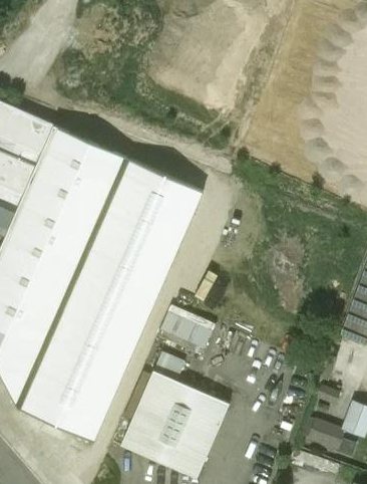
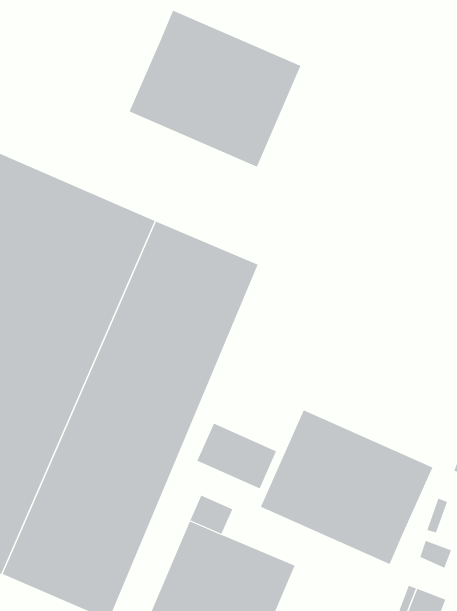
building: none -> [129,10,301,167]
building: none -> [260,409,433,565]

